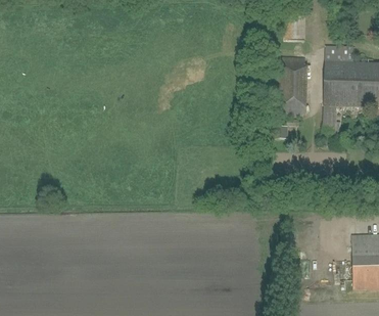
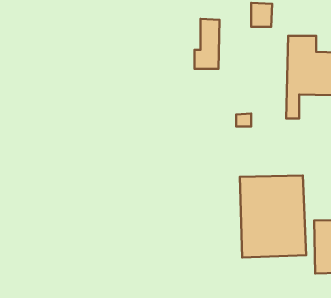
building: [283,63,309,115] -> [194,19,219,69]
building: none -> [240,176,306,257]

